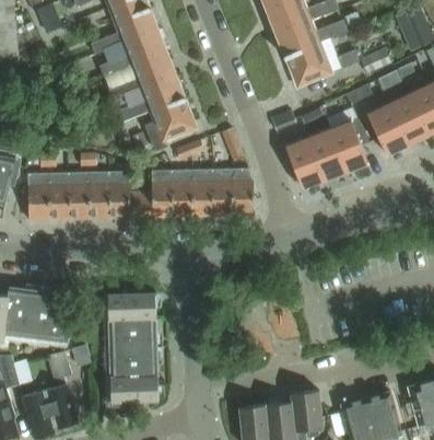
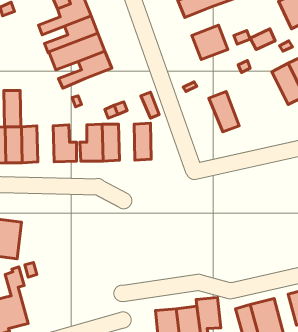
building: [277,20,348,56] -> none
building: [145,97,195,150] -> none
building: [366,102,408,153] -> none
building: [329,118,367,171] -> none
building: [285,136,325,187] -> none
building: [233,167,254,213] -> none
building: [192,169,213,215] -> none
building: [89,171,110,217] -> [4,91,21,127]
building: [108,292,159,401] -> none

